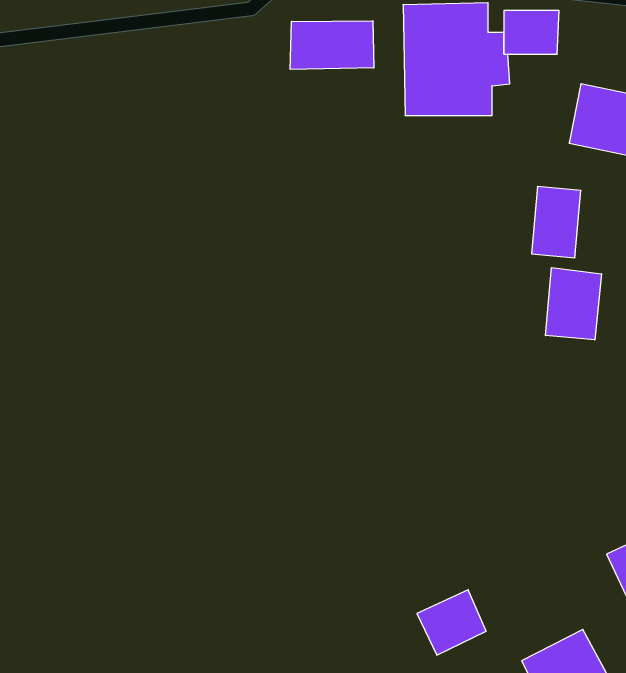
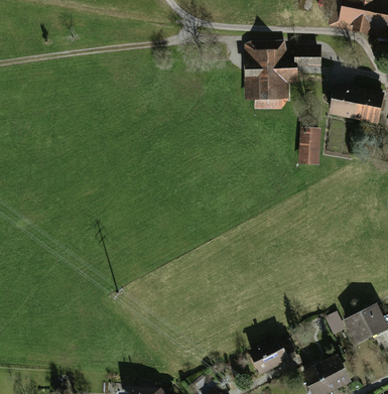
building: [290,21,374,69] -> none
building: [546,268,601,340] -> none

